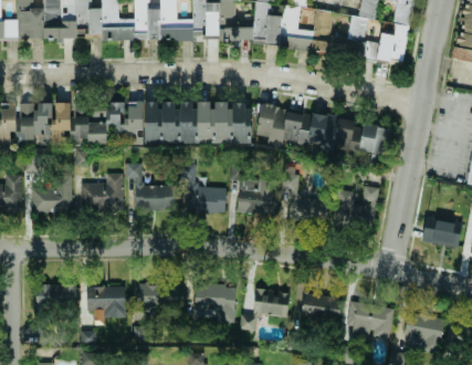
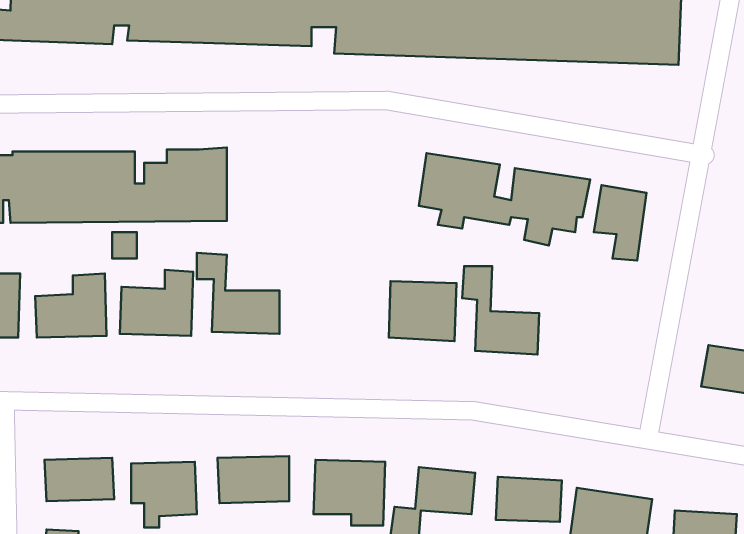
building: [144,101,250,143] -> none
building: [178,164,225,212] -> none
building: [333,185,379,228] -> none

